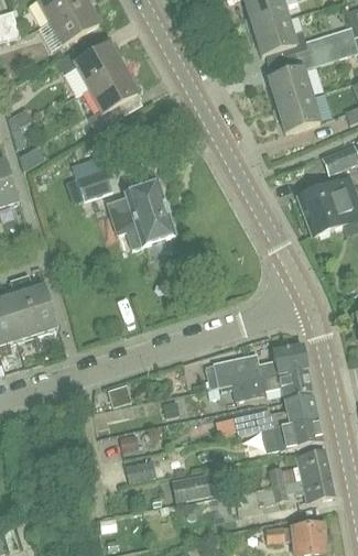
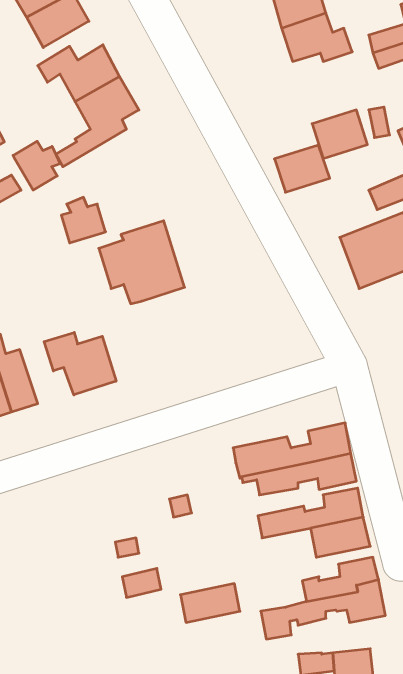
building: [267,67,311,105] -> [274,145,330,192]
building: none -> [13,141,60,190]
building: none -> [44,332,116,395]

